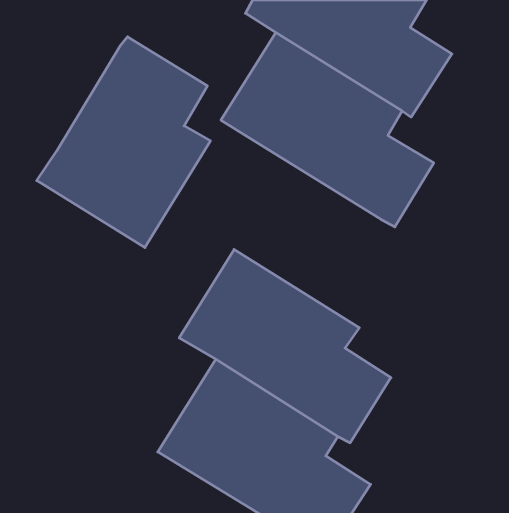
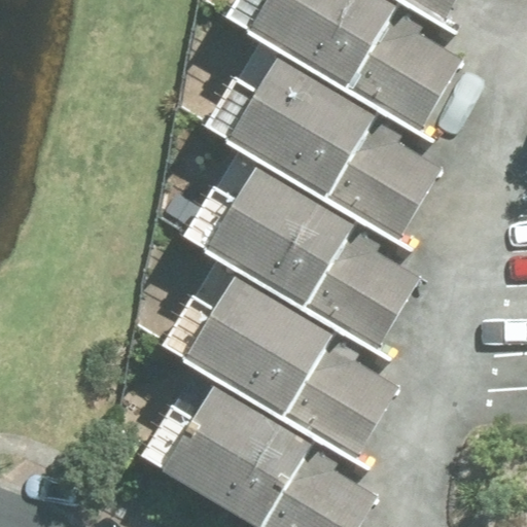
building: [37,37,210,248] -> none
building: none -> [202,149,415,345]

